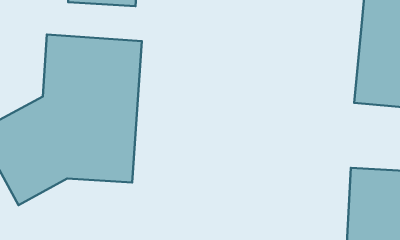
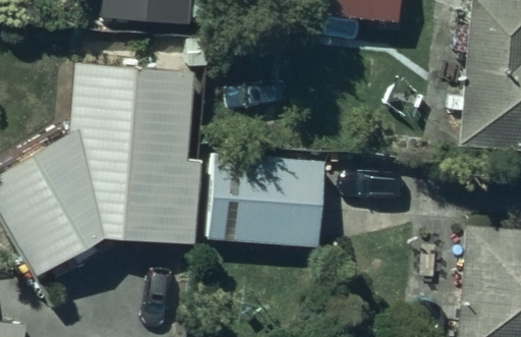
building: none -> [204,149,320,246]

